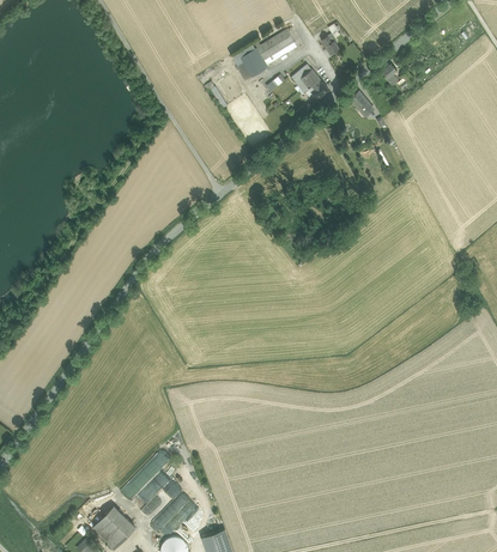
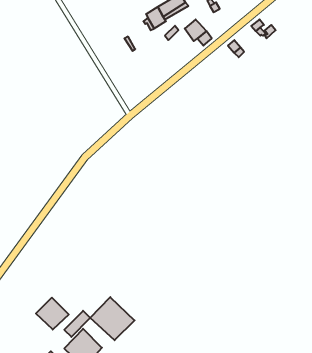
building: none -> [90,297,135,340]
building: none -> [36,298,69,330]

